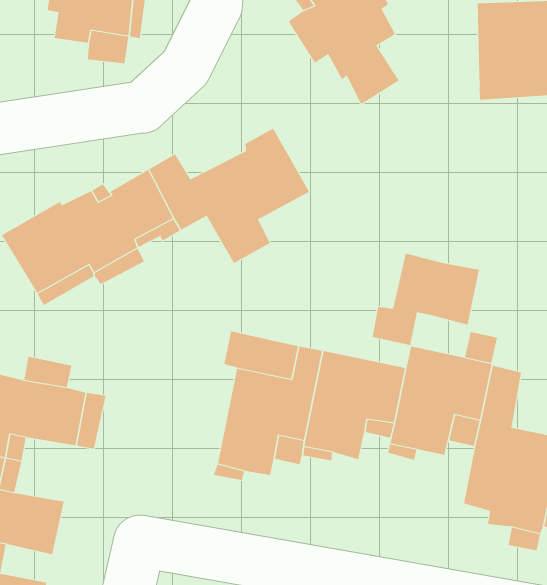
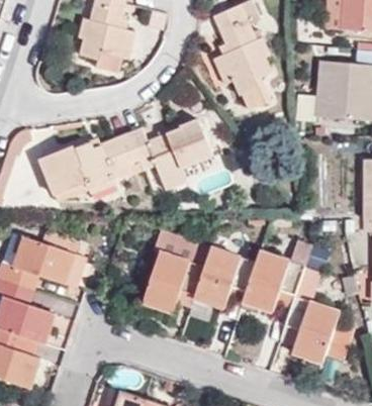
building: [372,253,479,346] -> none

